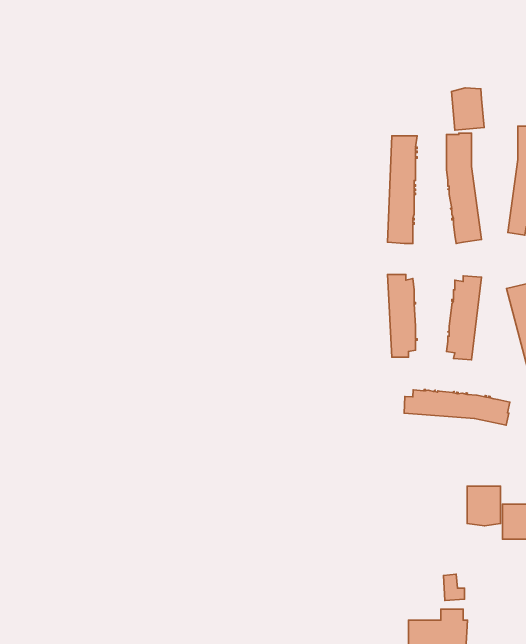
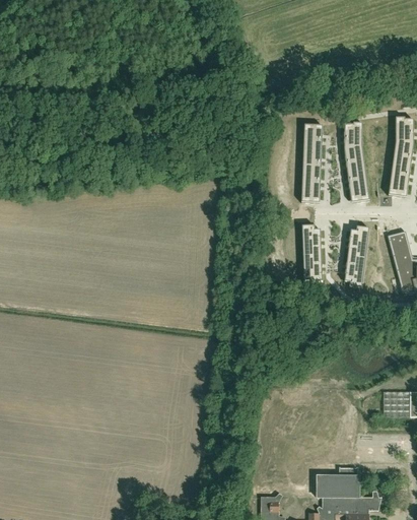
building: [451,88,484,130] -> none
building: [404,389,510,425] -> none
building: [467,486,500,526] -> none

